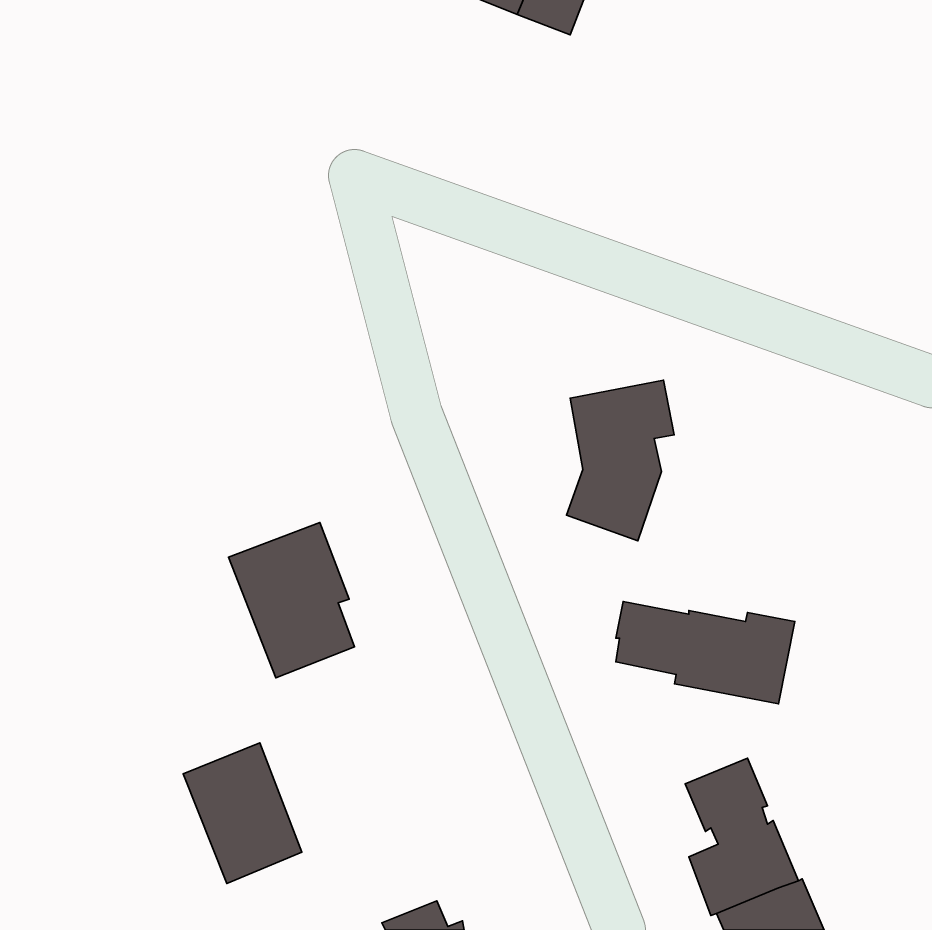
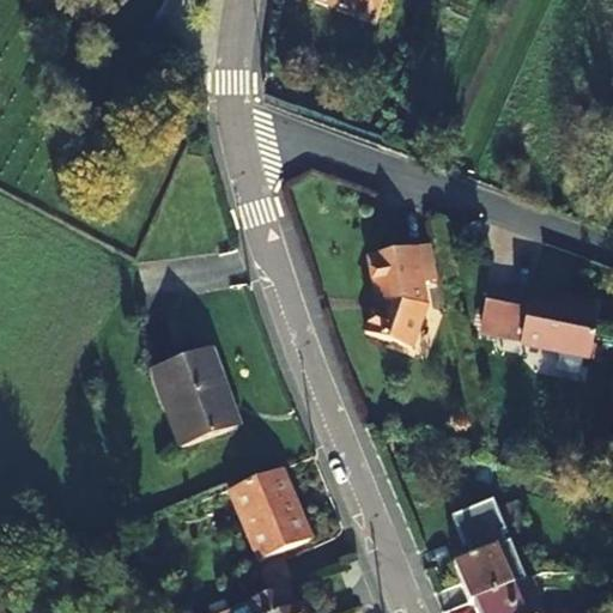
building: [616,602,795,704] -> [480,293,597,360]
building: [183,743,302,883] -> [232,466,310,558]

